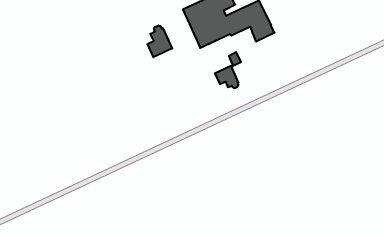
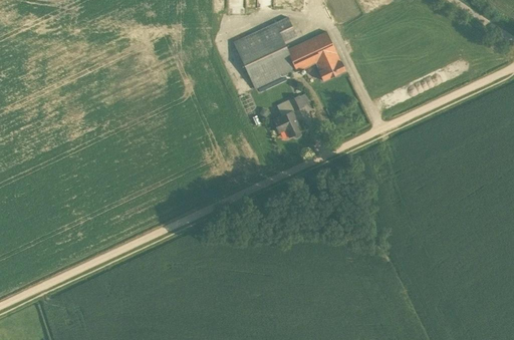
building: [147,25,172,57] -> none

